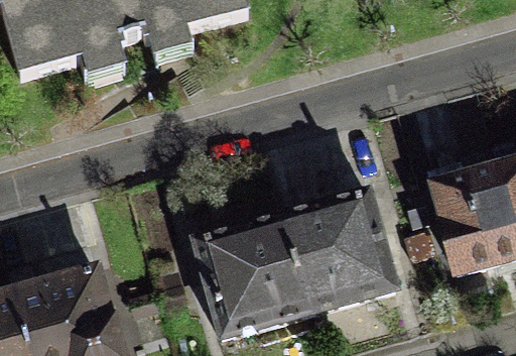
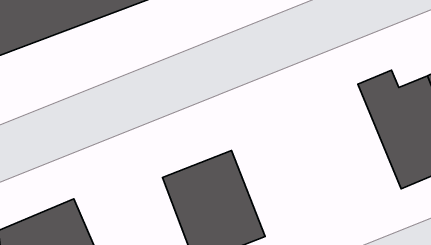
building: [272,194,389,318] -> none

